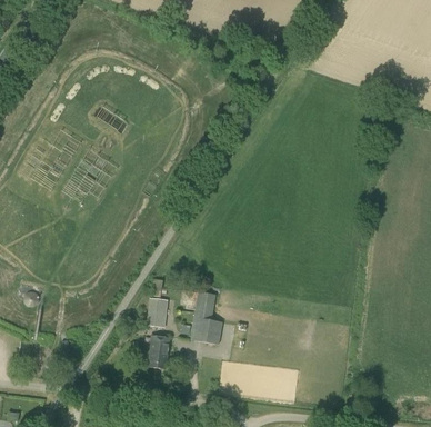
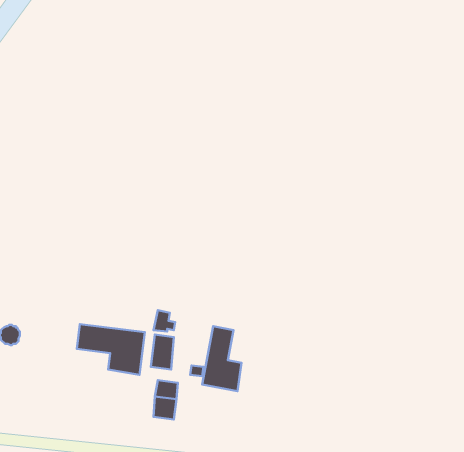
building: none -> [77,324,145,375]

